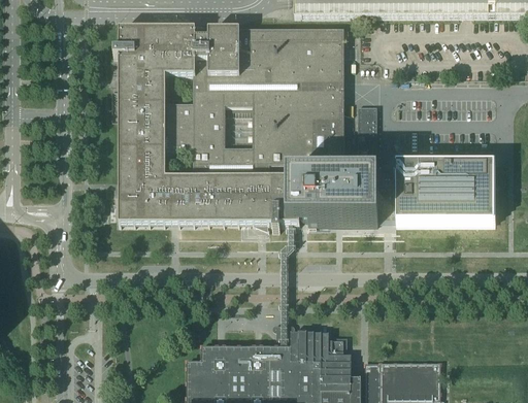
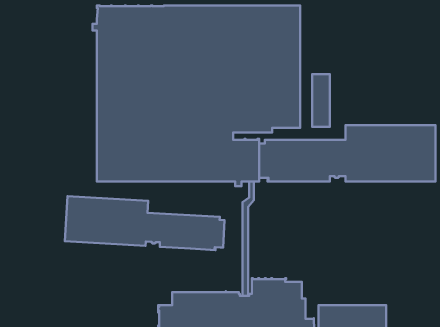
building: none -> [65,196,225,250]

